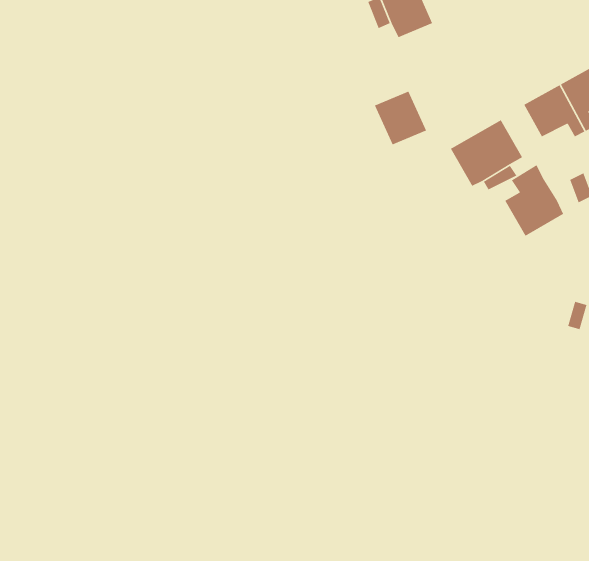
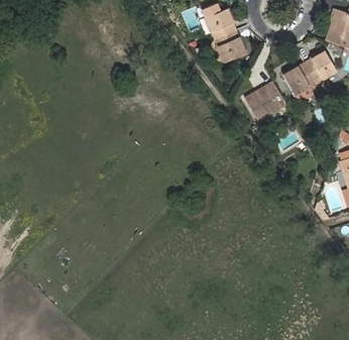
building: [374,90,427,145] -> [219,28,248,59]
building: [504,164,564,237] -> none

